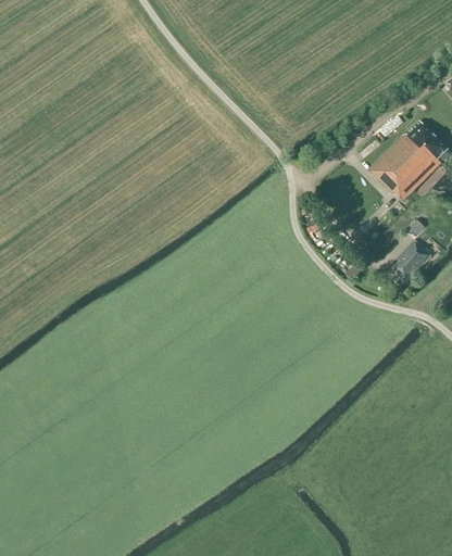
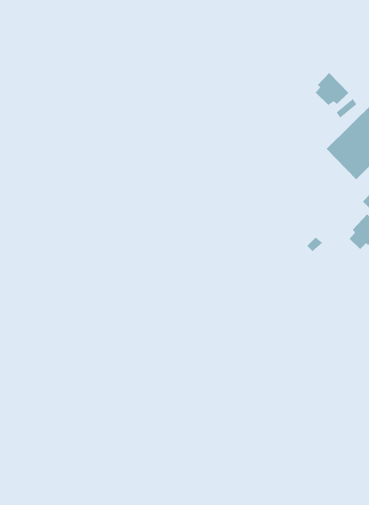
building: none -> [315,72,349,106]

